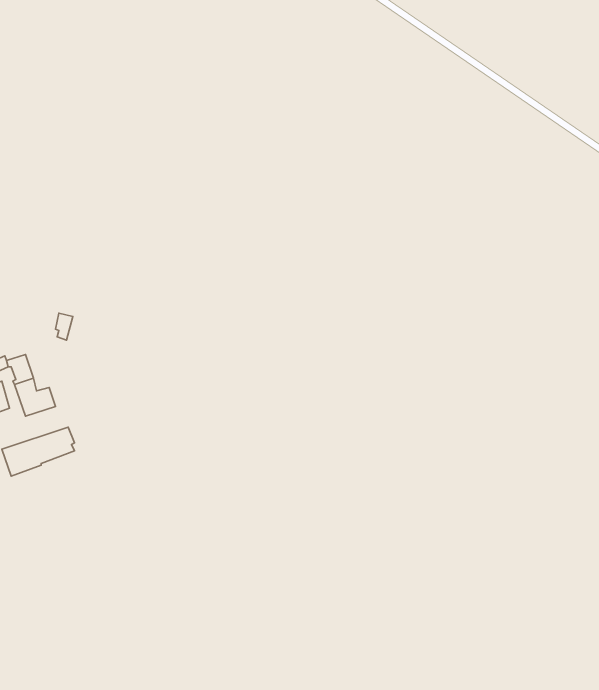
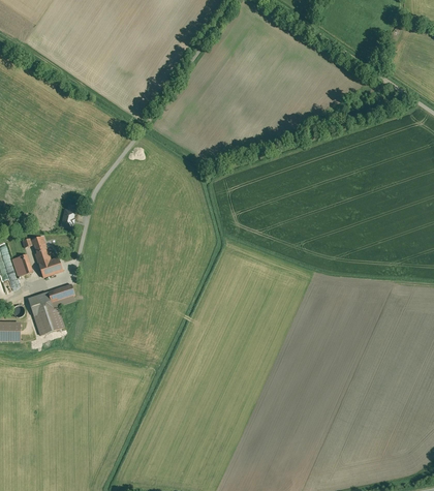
building: none -> [34,308,65,335]

